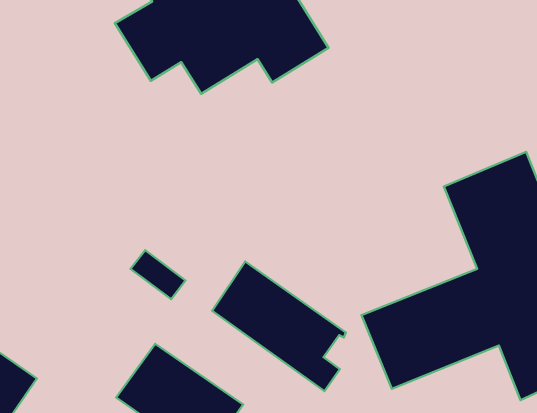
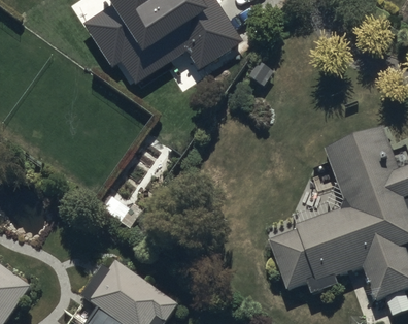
building: [212,262,346,391] -> none

